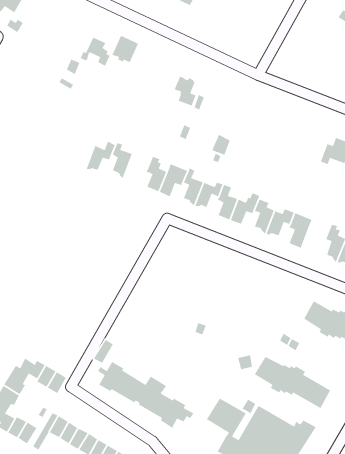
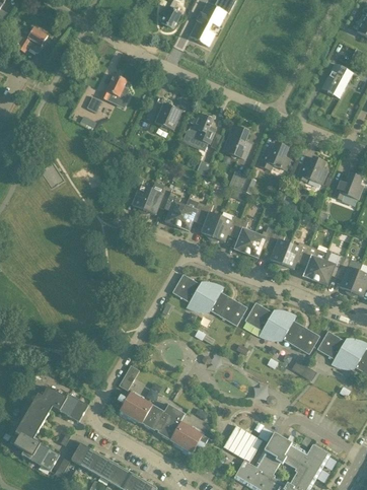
building: none -> [321,63,353,98]
building: [111,34,140,64] -> [154,102,182,131]
building: none -> [224,126,250,157]
building: none -> [259,142,290,170]
building: none -> [296,156,327,184]
building: [85,141,116,171] -> [143,185,172,214]
building: none -> [315,254,345,285]
building: none -> [172,274,247,326]
building: [254,356,331,409] -> [244,302,319,354]

